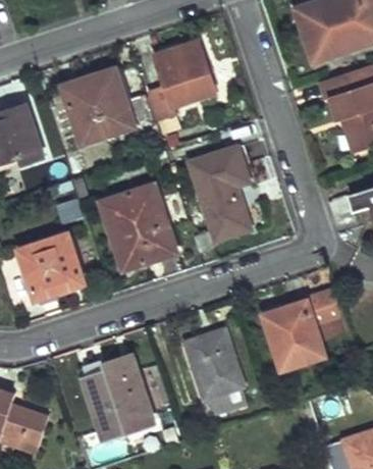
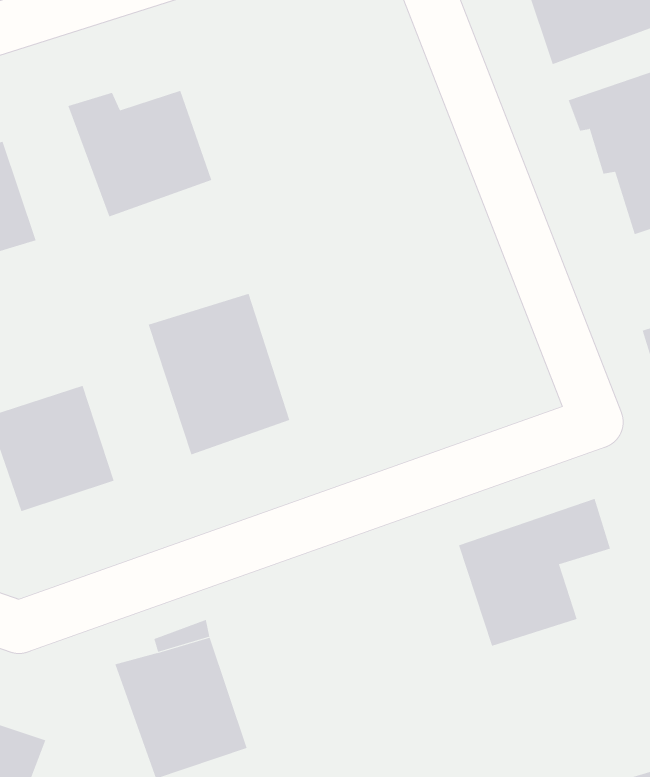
building: [149,41,216,118] -> none
building: [189,145,251,252] -> none
building: [184,329,248,413] -> none

